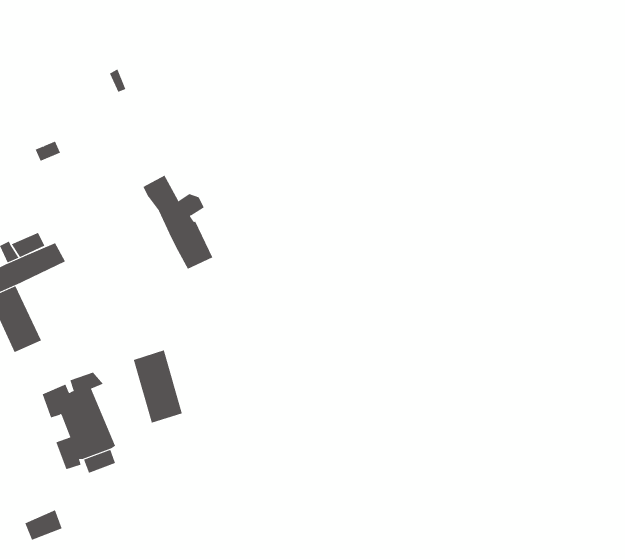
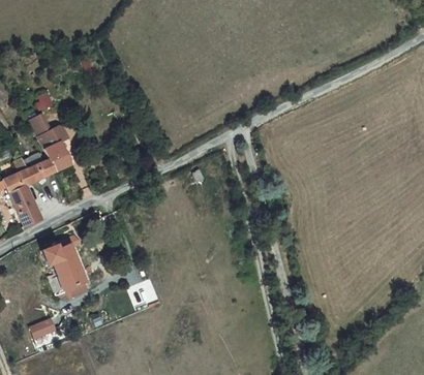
building: [143,175,213,269] -> [30,114,72,170]
building: [133,350,182,423] -> none

